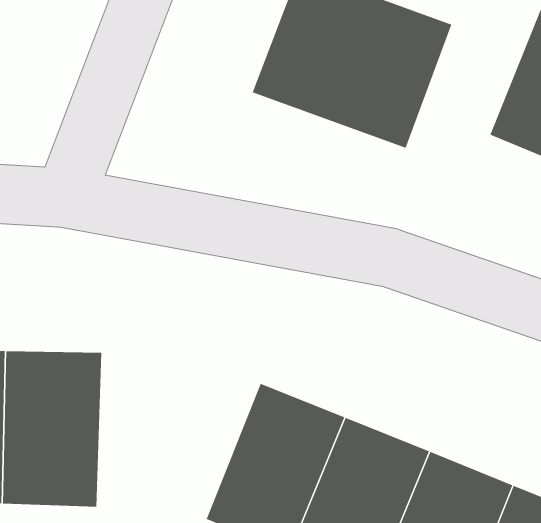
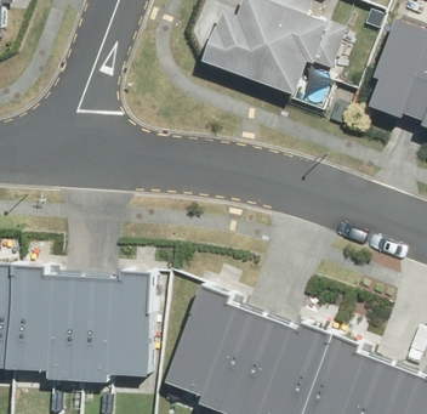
building: none -> [84,265,155,376]

